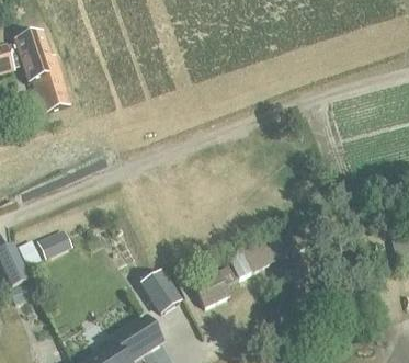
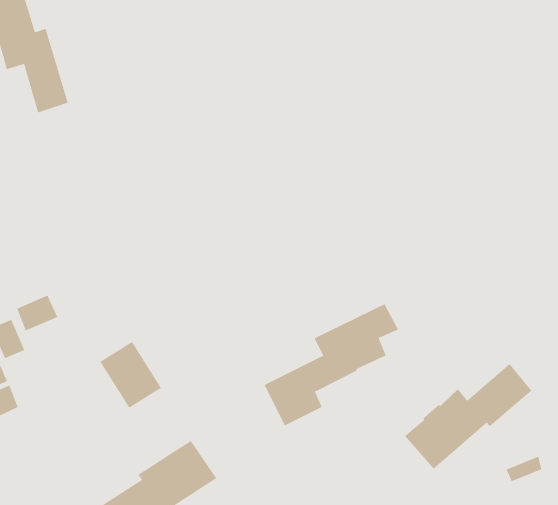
building: none -> [404,363,532,469]
building: [140,271,180,314] -> [100,341,162,409]

